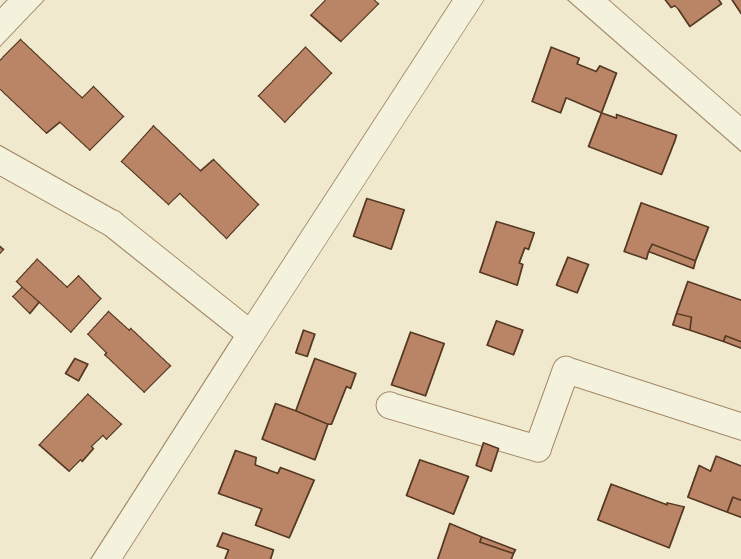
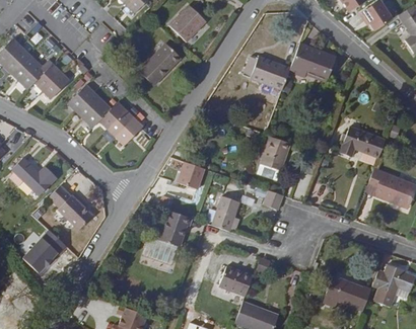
building: [589,113,677,175] -> [242,57,290,90]
building: [354,199,404,249] -> [179,162,206,189]
building: [219,451,314,538] -> none

